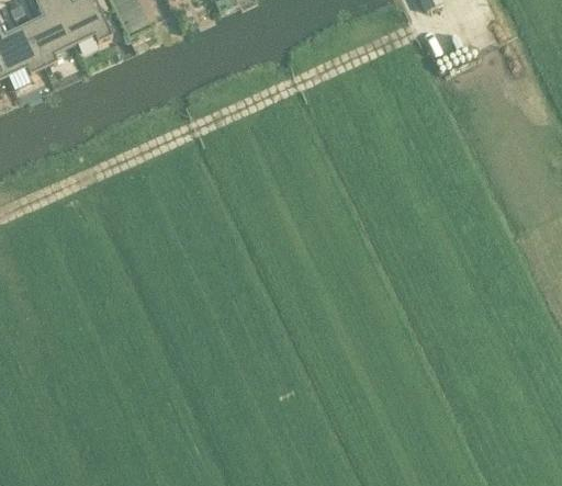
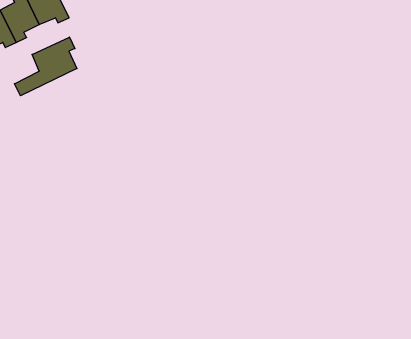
building: none -> [14,37,77,96]

